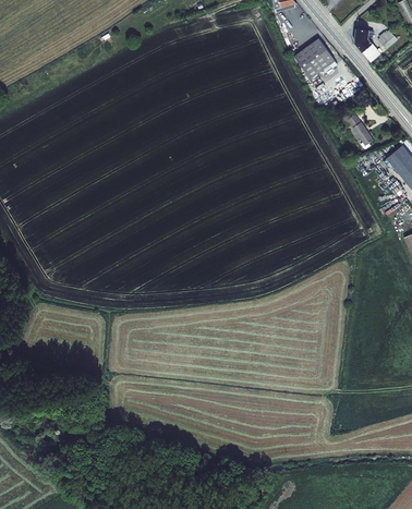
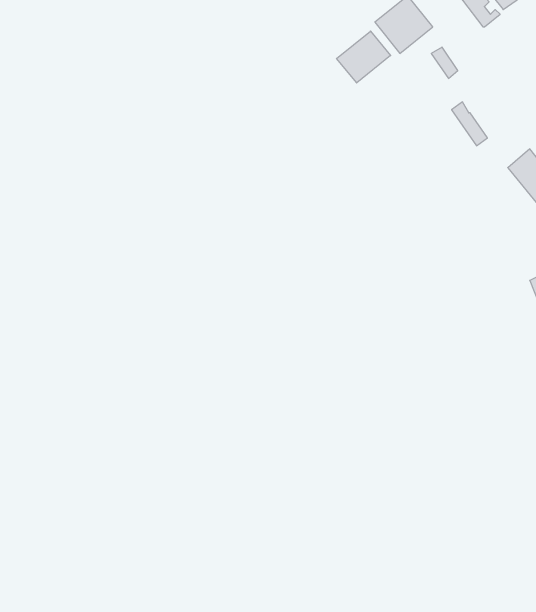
building: none -> [337,31,391,83]

